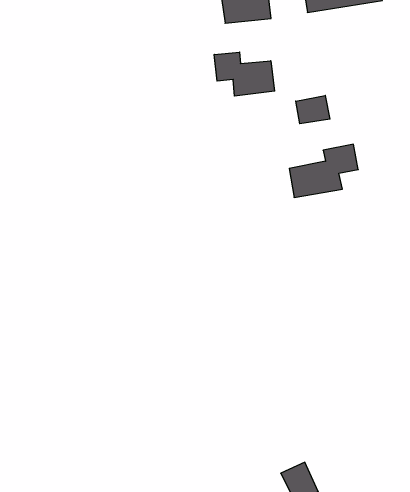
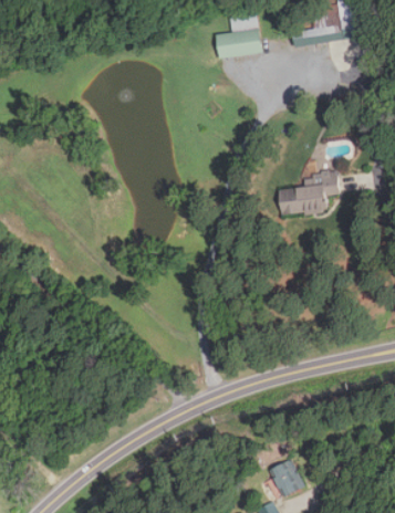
building: [214,52,275,96] -> none
building: [296,95,330,124] -> none

